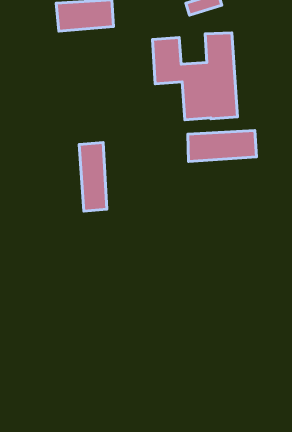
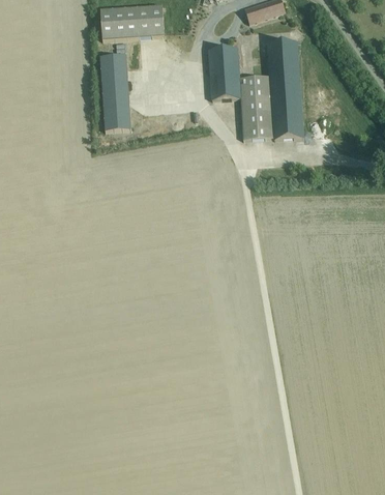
building: [188,130,257,162] -> none
building: [79,143,107,211] -> [100,54,131,130]

